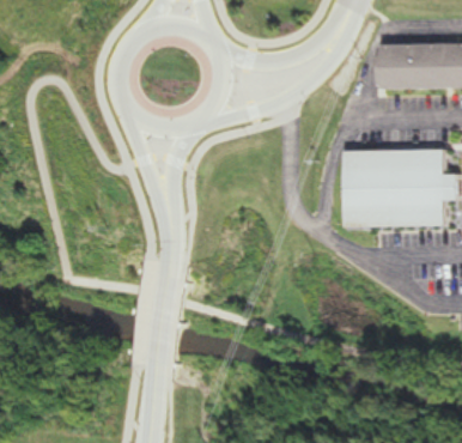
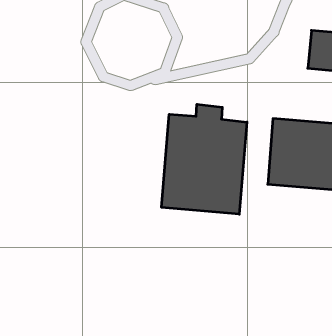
building: none -> [162,104,247,214]

